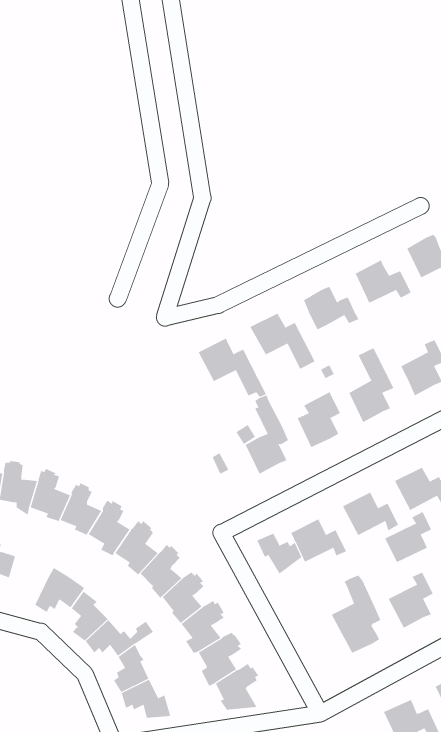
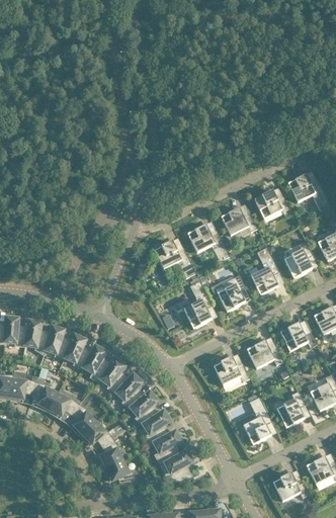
building: [384,511,432,563] -> none
building: [257,533,302,575] -> none
building: none -> [31,377,57,413]

